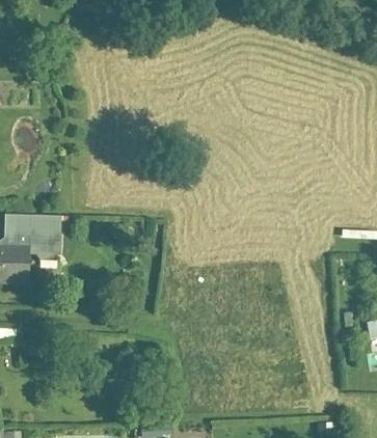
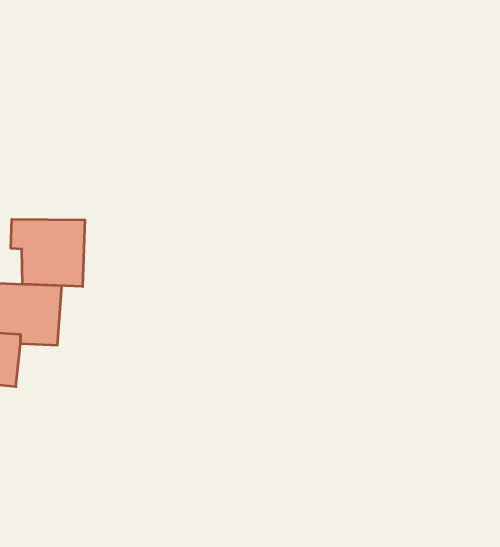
building: none -> [11,219,85,287]

